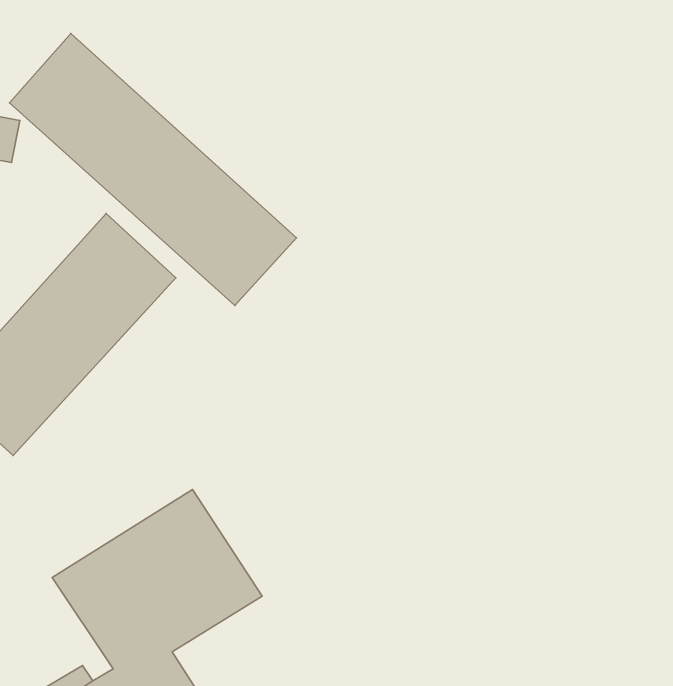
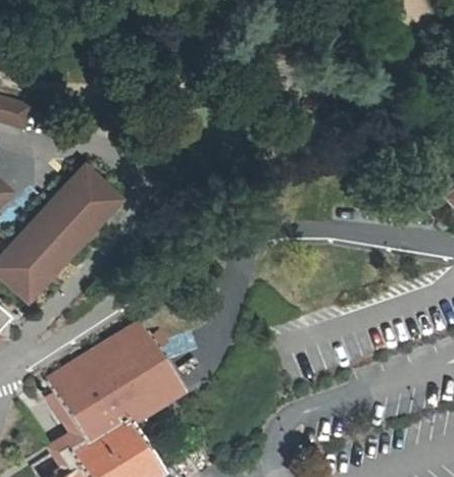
building: [9,33,297,306] -> none

